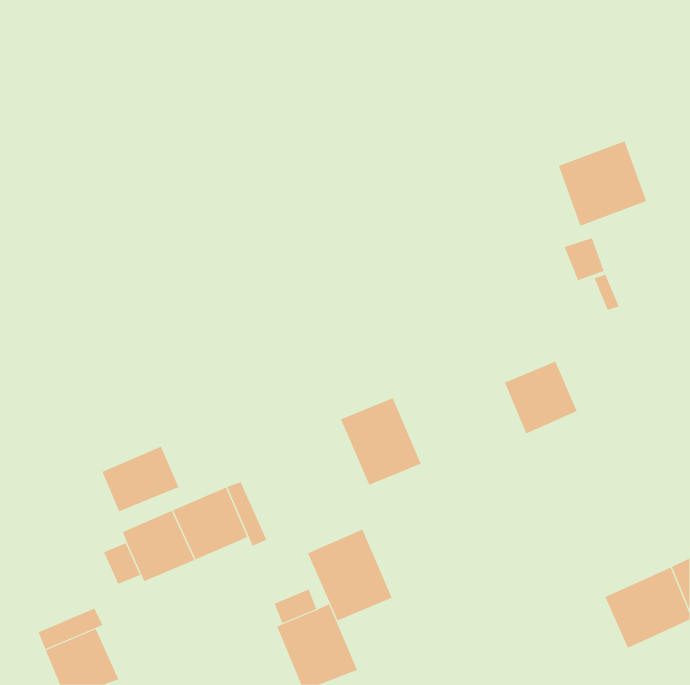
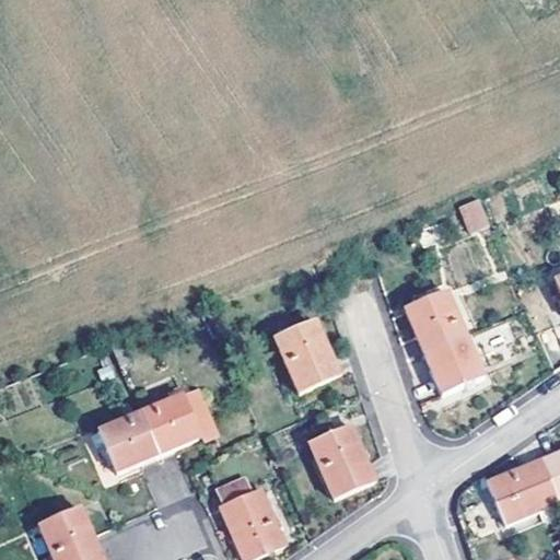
building: [558,141,647,226] -> none
building: none -> [424,331,485,393]
building: [102,446,179,512] -> none
building: [307,529,393,621] -> [308,421,377,495]

